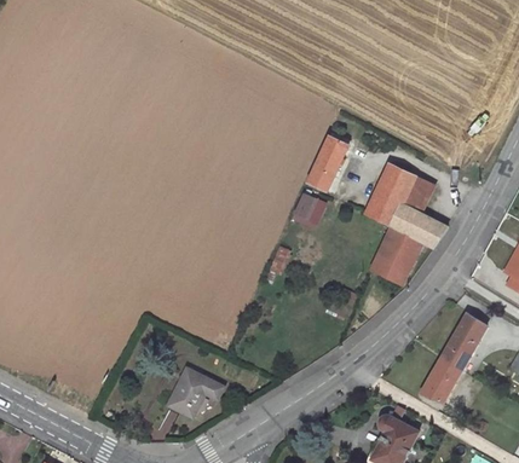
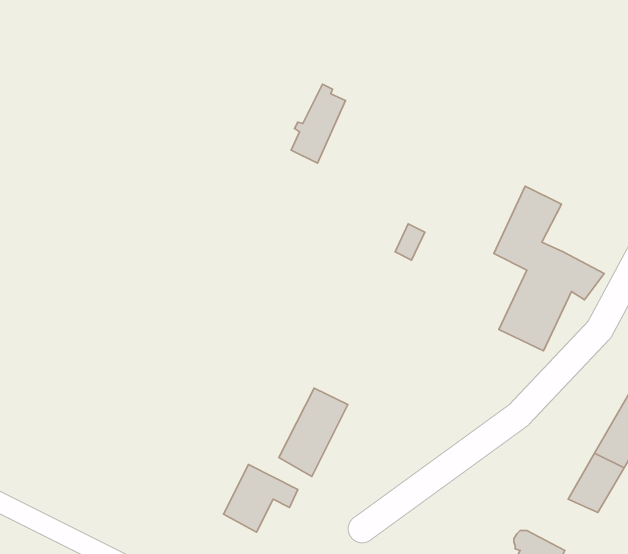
building: [308,132,348,190] -> [291,84,346,163]
building: [402,176,431,212] -> none
building: none -> [279,388,348,476]

